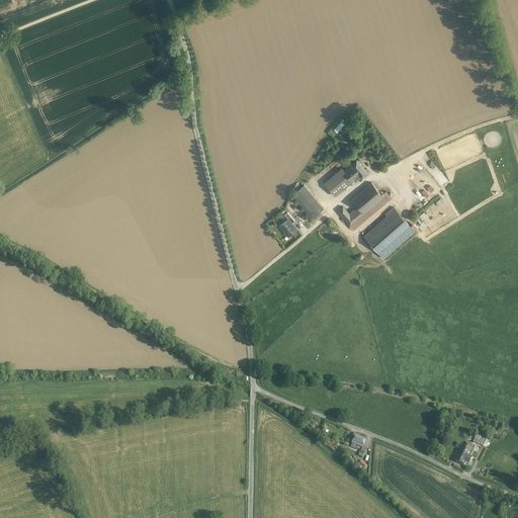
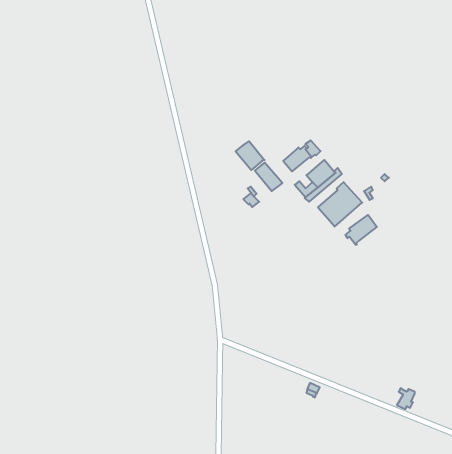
building: none -> [236,141,265,170]
building: none -> [345,215,377,245]

